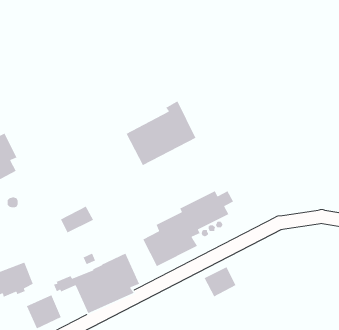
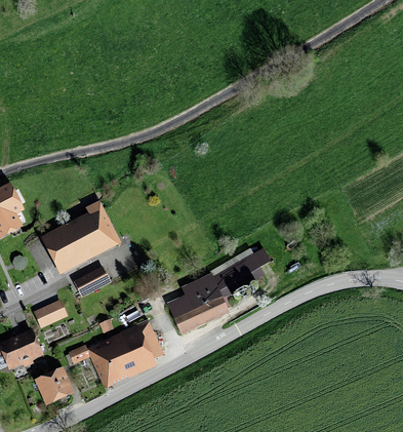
building: [125,100,197,166] -> [40,199,121,274]
building: none -> [33,299,68,327]
building: [204,266,236,297] -> none

